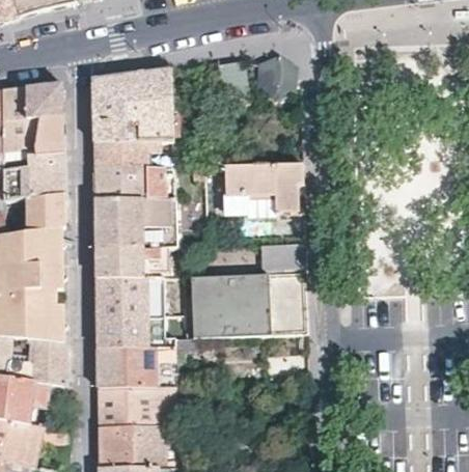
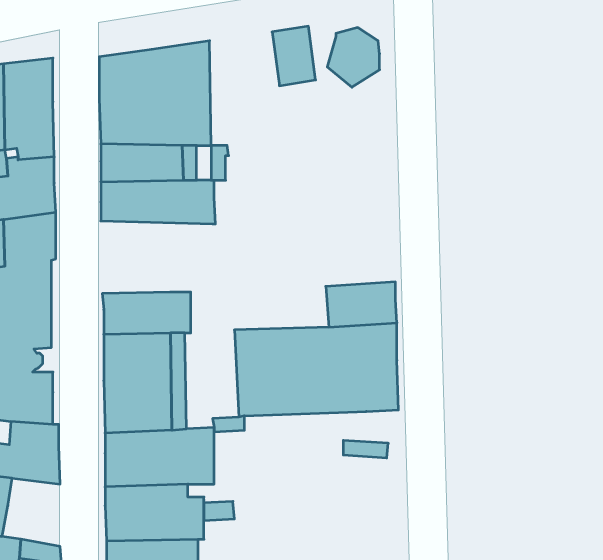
building: [226,164,304,214] -> none
building: [94,198,175,250] -> none

